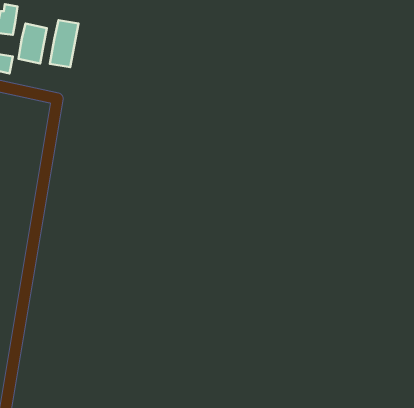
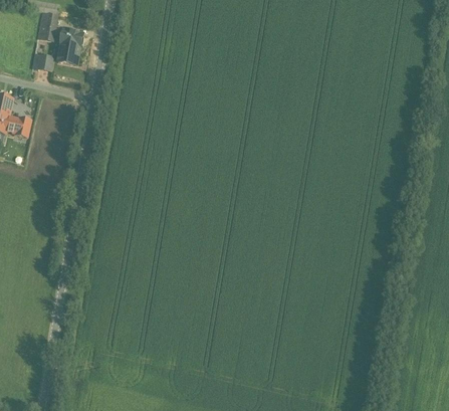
building: [50,20,79,67] -> none

